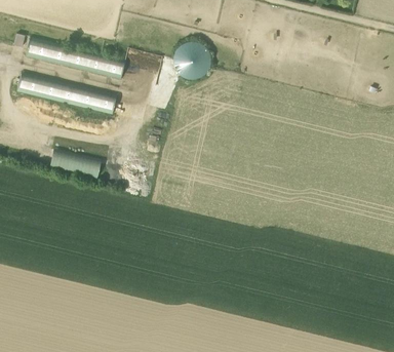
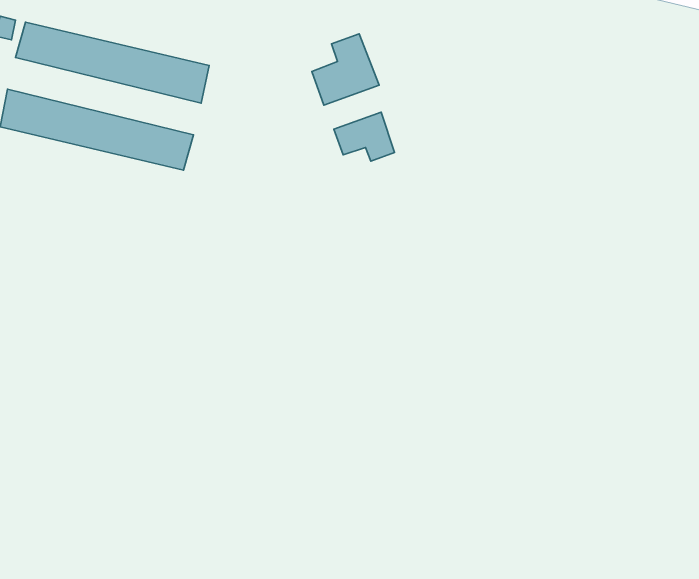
building: none -> [334,112,394,161]
building: [49,147,102,177] -> none

